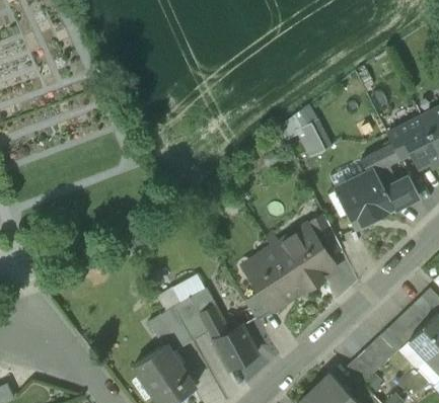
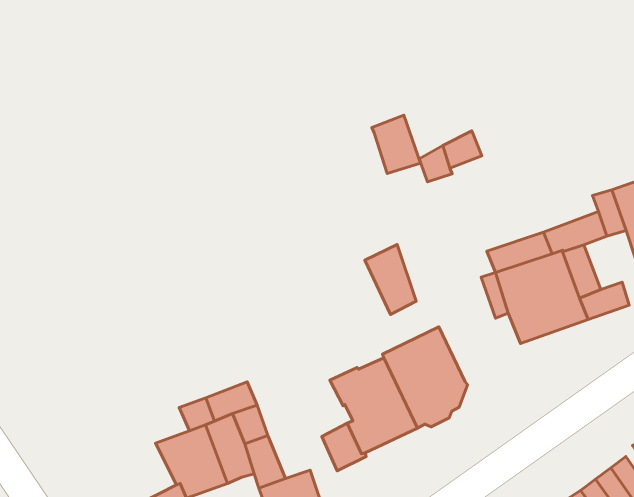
building: [299,119,332,156] -> [372,115,421,174]
building: [306,214,341,256] -> [365,245,416,314]

